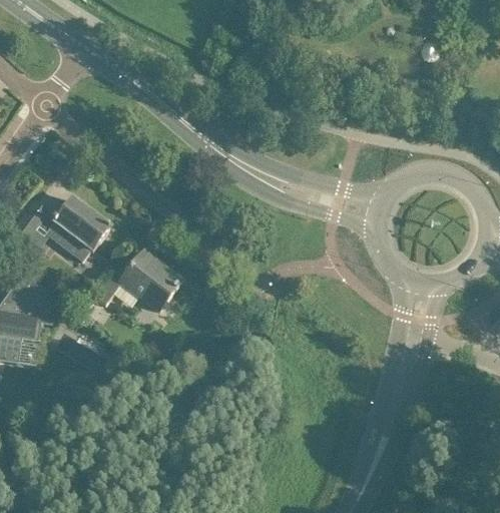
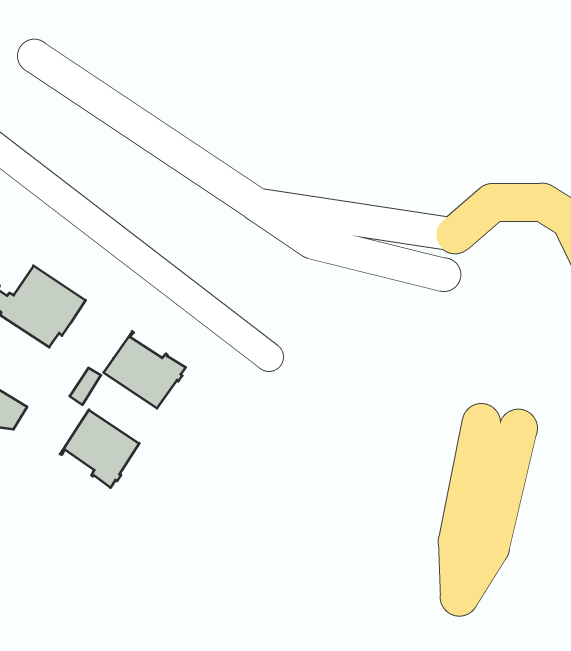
building: none -> [60,410,139,488]

